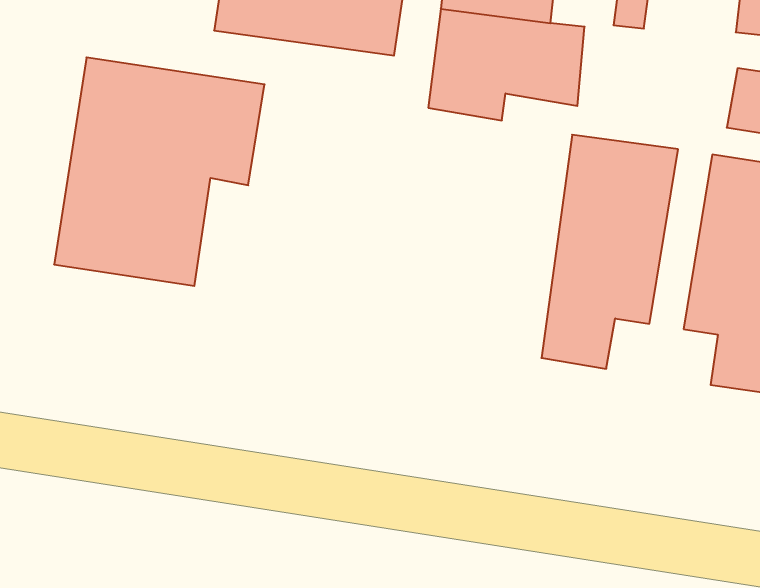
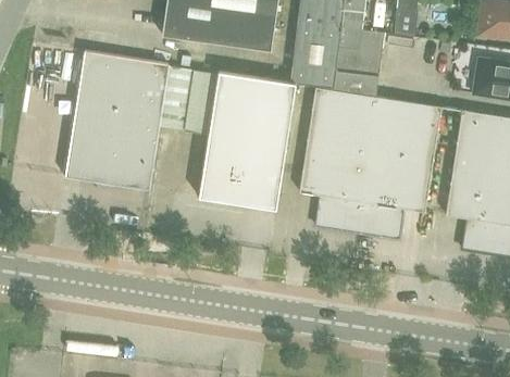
building: none -> [182,67,295,209]
building: none -> [299,87,377,233]

